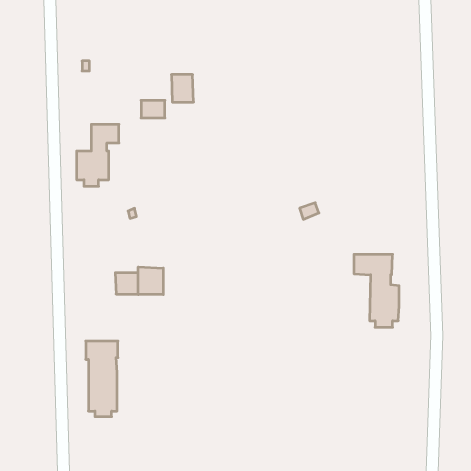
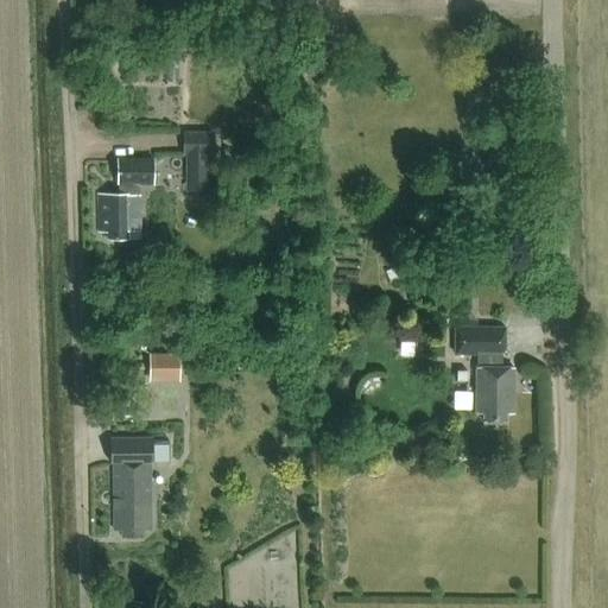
building: [171,75,194,102] -> [185,153,214,189]
building: [138,267,163,295] -> none

